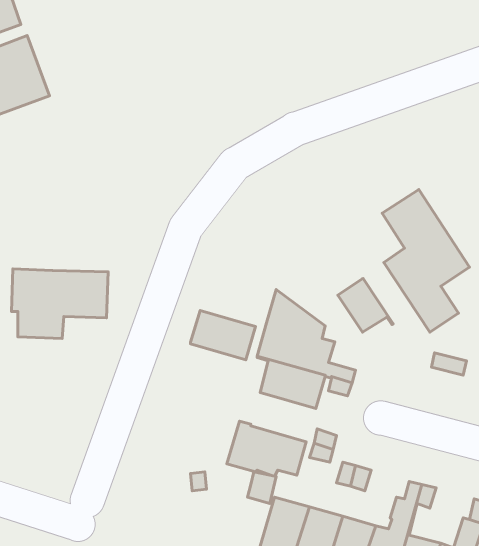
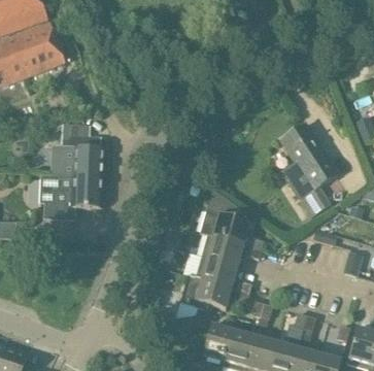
building: none -> [50,124,103,177]
building: [338,278,393,332] -> none
building: [190,311,255,360] -> [195,256,237,288]

